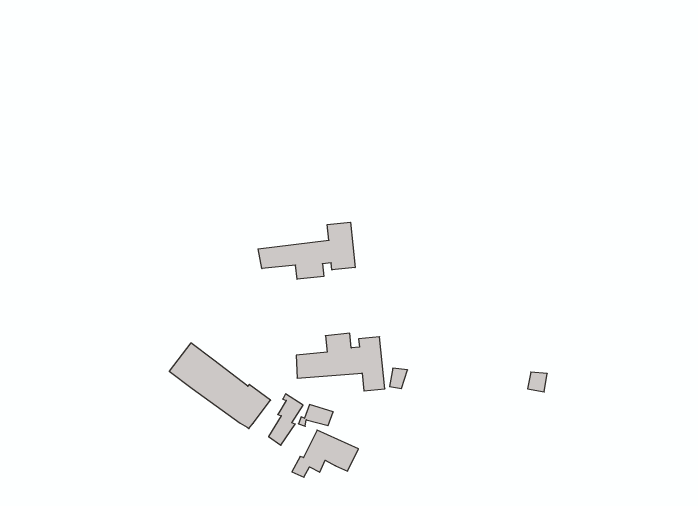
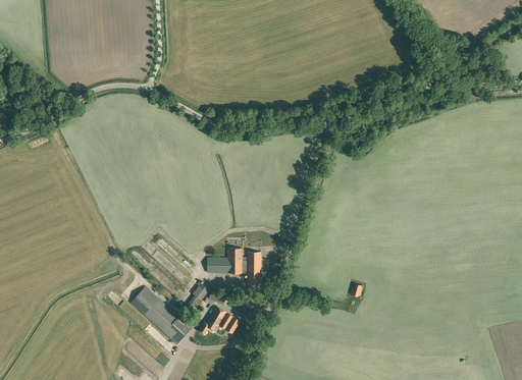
building: [258,222,355,279] -> none
building: [169,343,271,429] -> [130,286,192,343]

